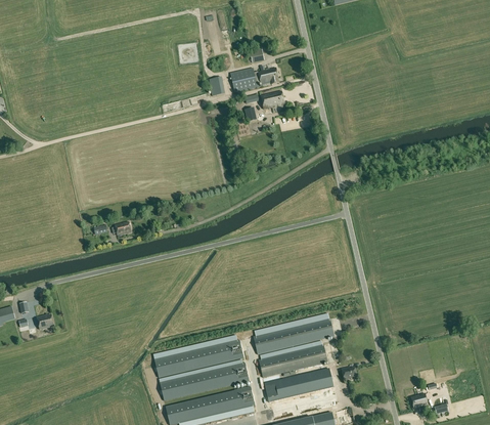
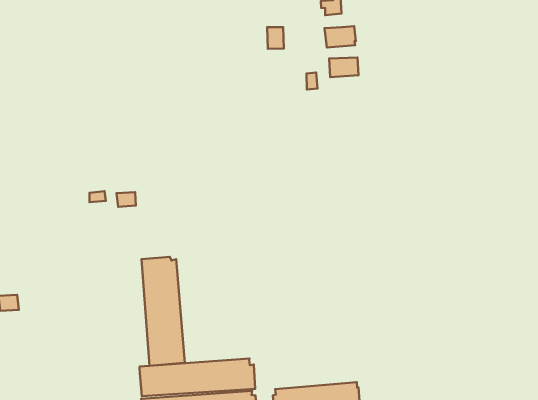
building: [230,68,258,93] -> none
building: none -> [141,257,185,366]
building: [253,313,333,355] -> none

